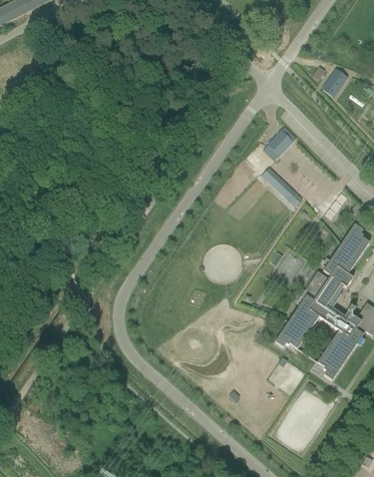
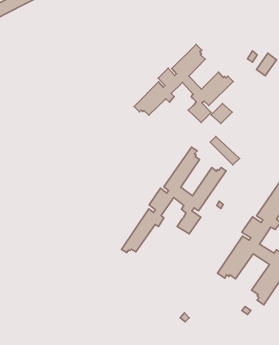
building: none -> [134,44,233,123]
building: none -> [121,147,226,253]

